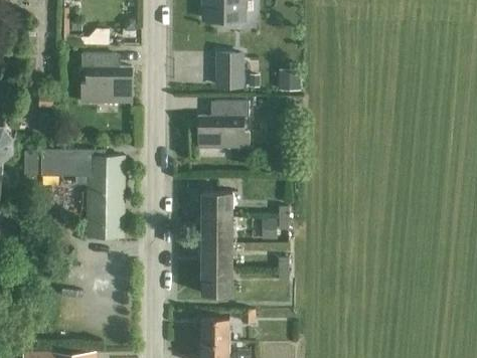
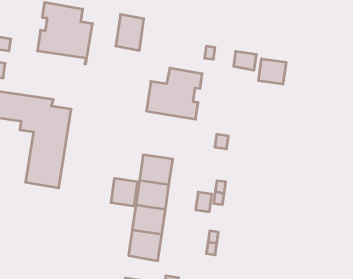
building: [217,54,242,87] -> [116,14,144,50]
building: none -> [258,59,286,84]
building: none -> [111,178,138,206]

